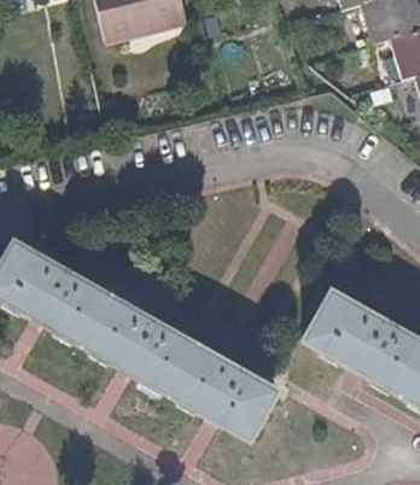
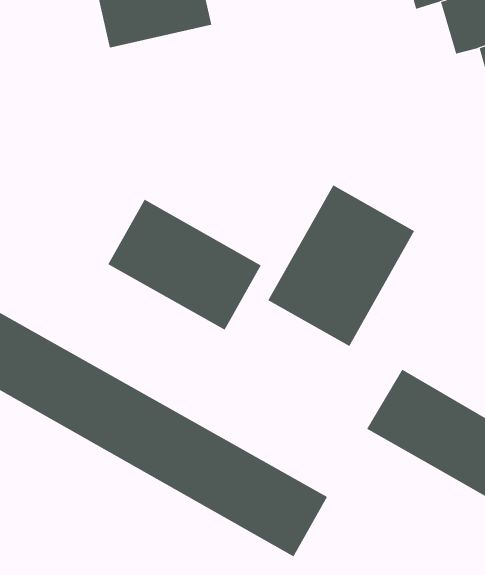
building: none -> [268,184,415,347]
building: none -> [107,199,262,331]

